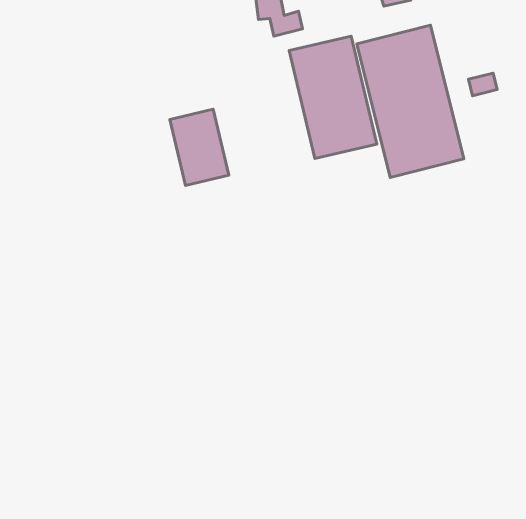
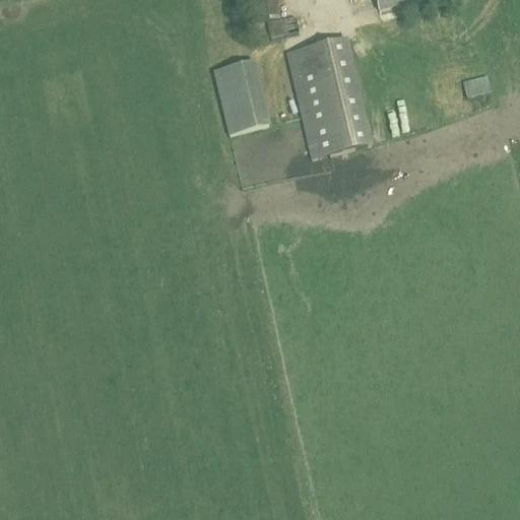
building: [357,25,464,178] -> none
building: [170,109,229,185] -> [212,58,270,133]

